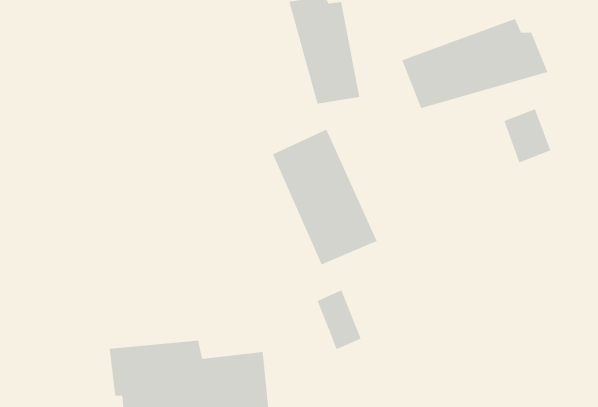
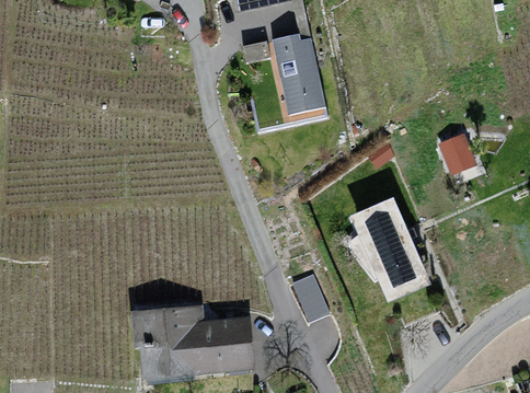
building: [401,18,548,109] -> none
building: [272,129,377,265] -> [349,195,431,301]

